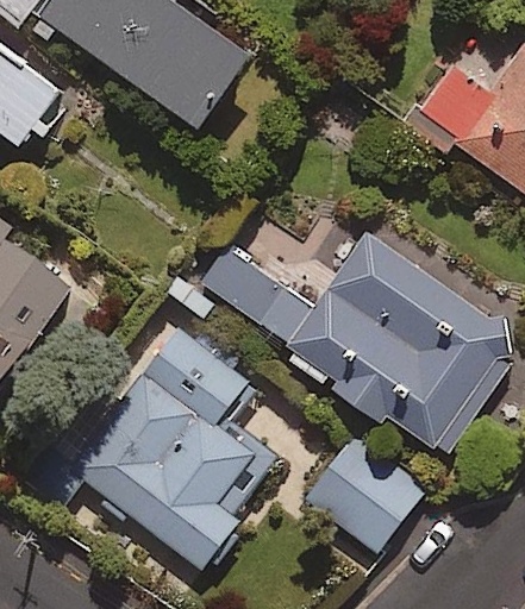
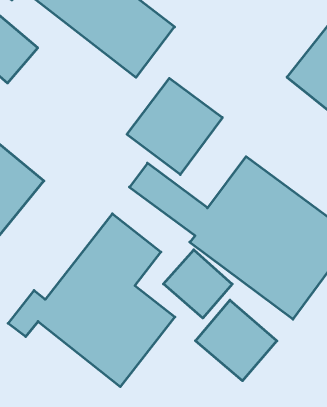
building: none -> [127,78,222,175]
building: none -> [163,250,232,318]

